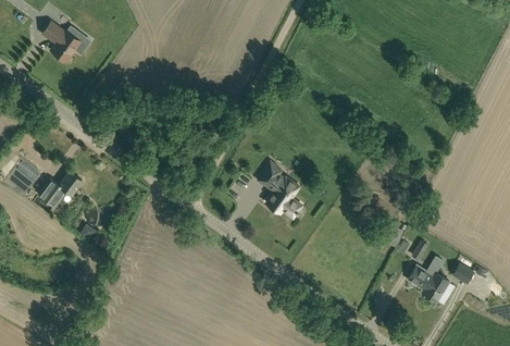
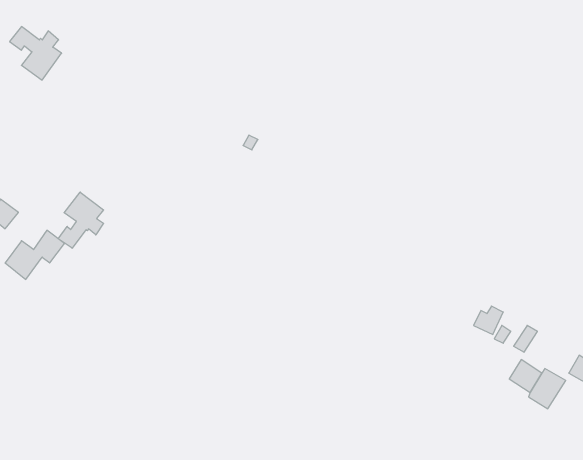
building: none -> [58,192,104,248]
building: [259,162,302,218] -> none

